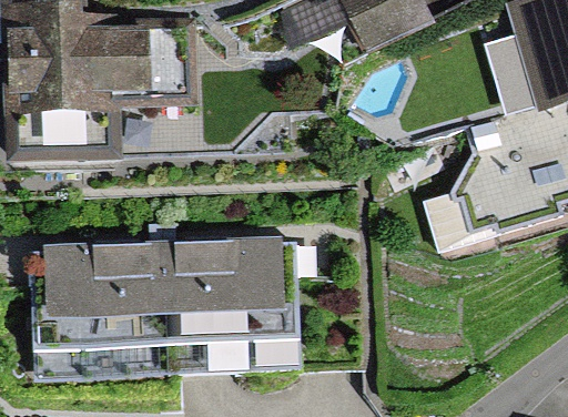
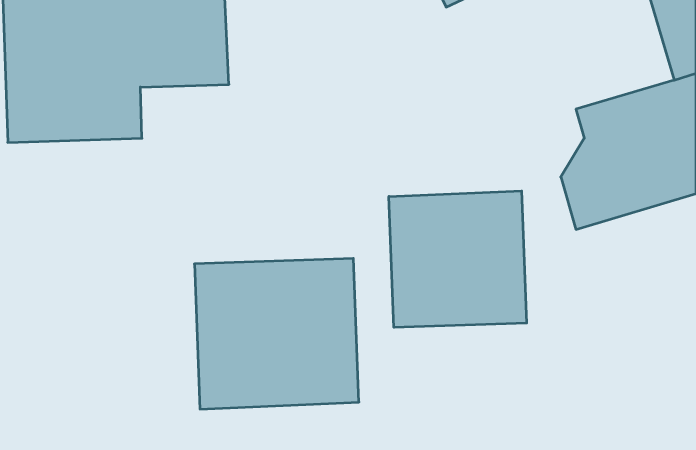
building: none -> [389,191,527,327]
building: [30,243,161,364] -> none

